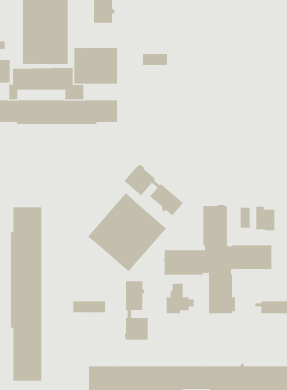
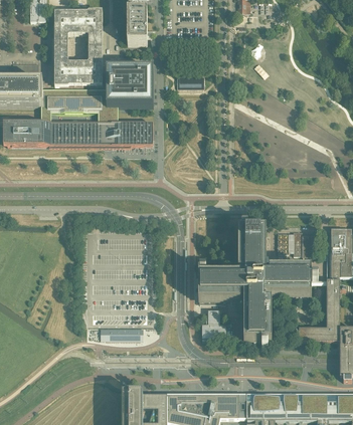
building: [124,164,184,216] -> none
building: [87,193,167,272] -> none
building: [10,207,42,382] -> none
building: [125,280,148,340] -> none

